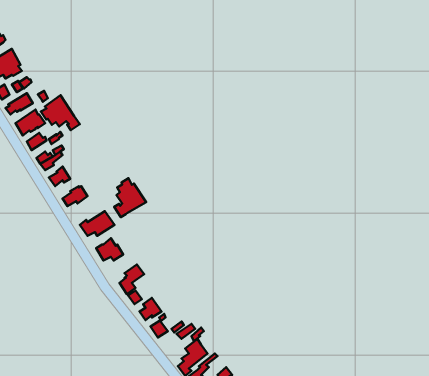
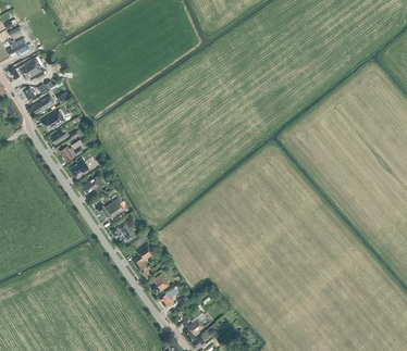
building: [41,95,80,130] -> none
building: [114,178,146,217] -> none

